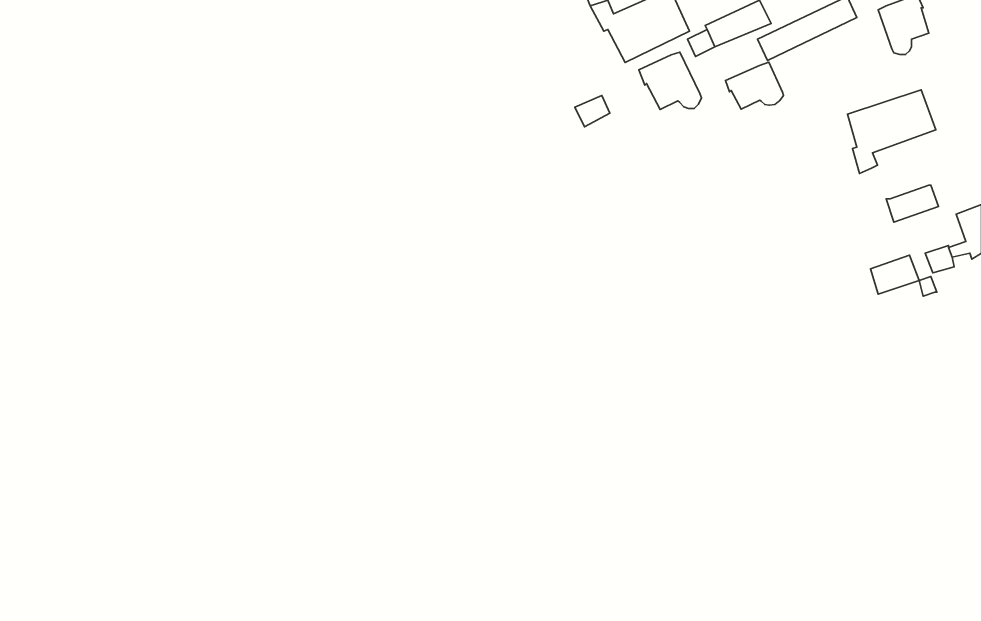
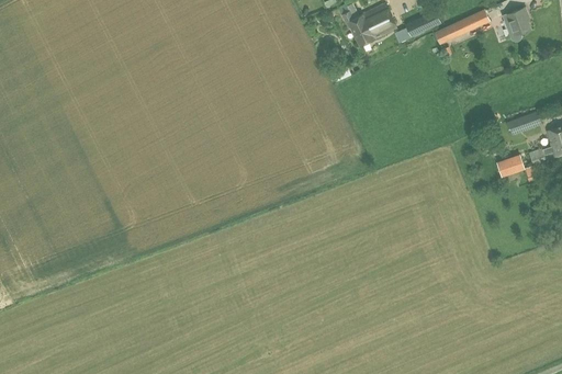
building: [639,52,702,110] -> none
building: [726,62,783,109] -> none
building: [847,90,936,174] -> none

